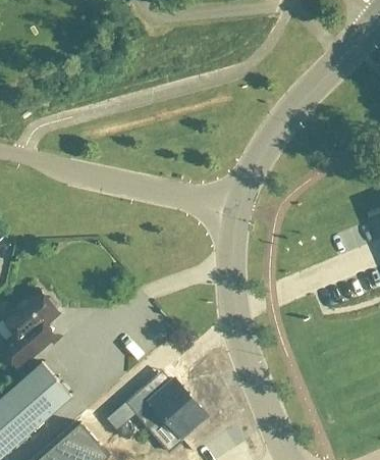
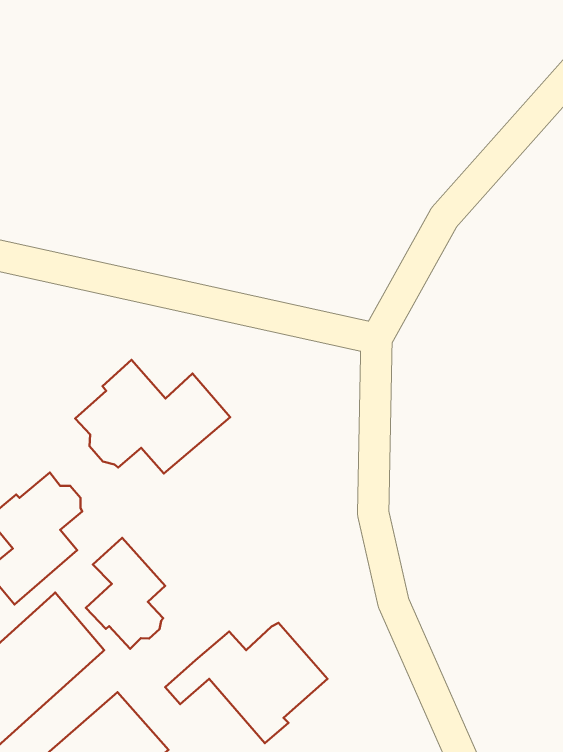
building: none -> [75,360,230,473]
building: none -> [86,538,165,649]

